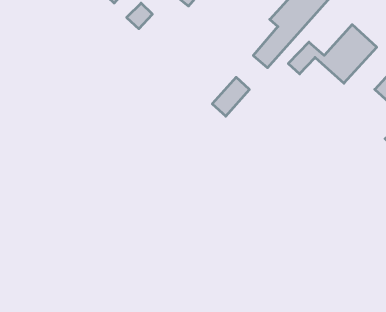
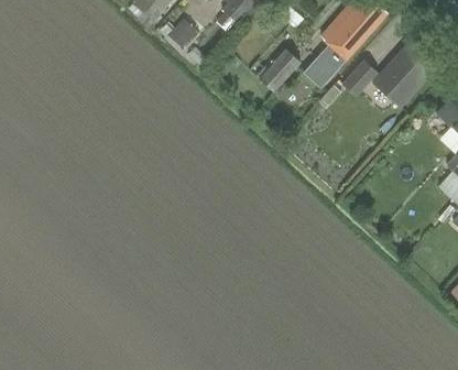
building: [212,77,249,116] -> [261,53,301,95]

